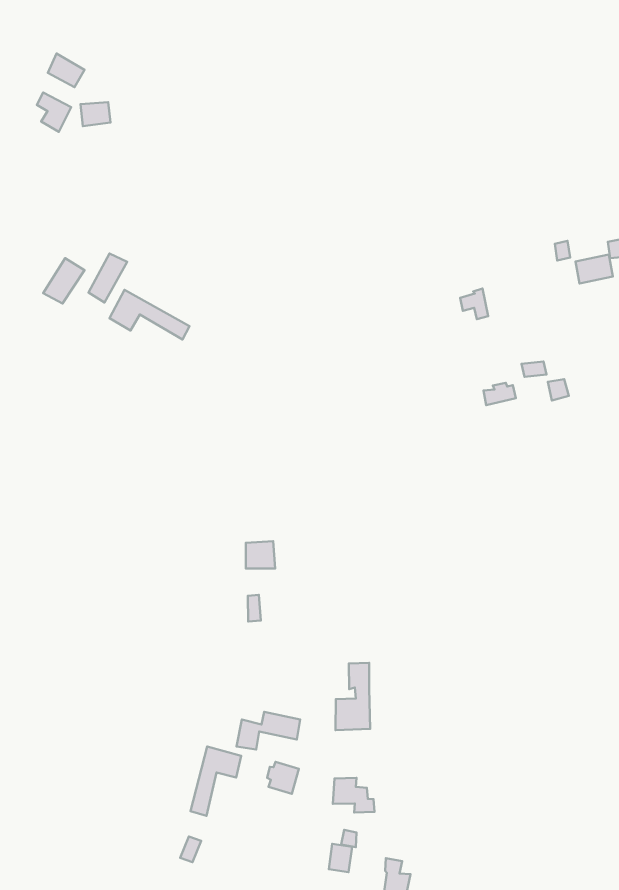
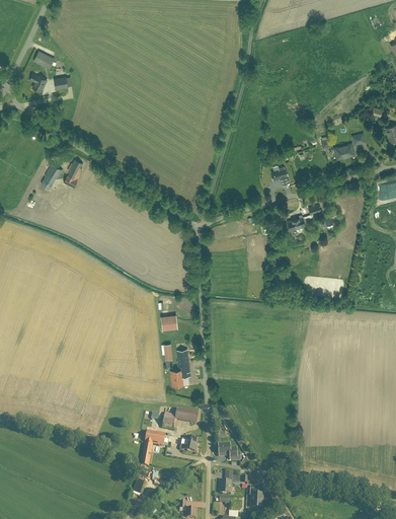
building: [109,290,189,340] -> none
building: [336,663,370,730] -> [171,349,191,387]

